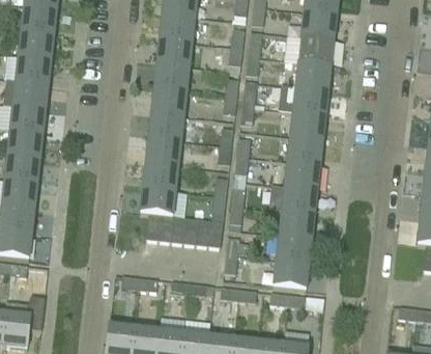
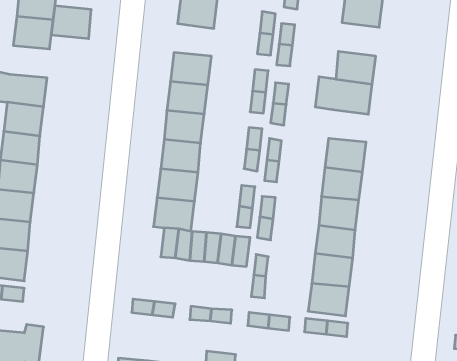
building: [297,37,333,66] -> none
building: [156,38,191,66] -> none
building: [16,57,50,85] -> [51,6,91,39]
building: [289,112,323,140] -> none

